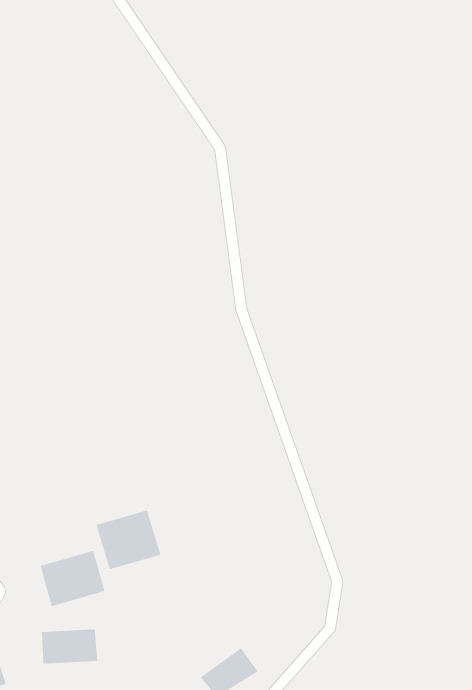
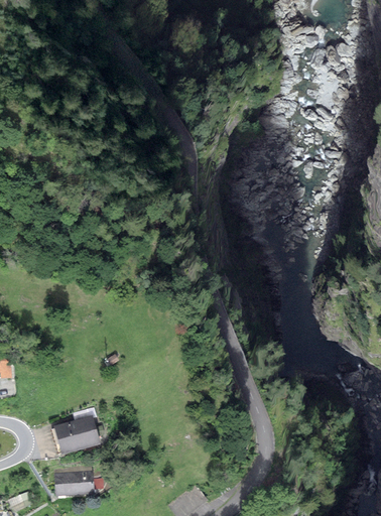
building: [95,509,161,570] -> none

